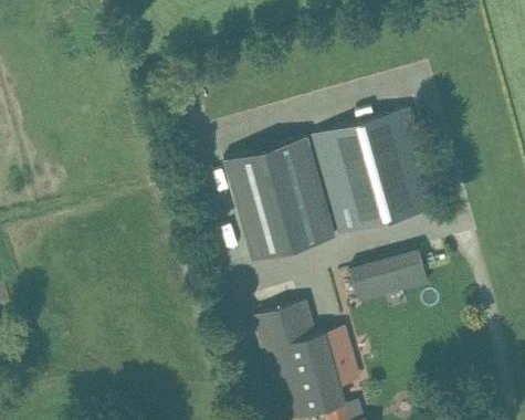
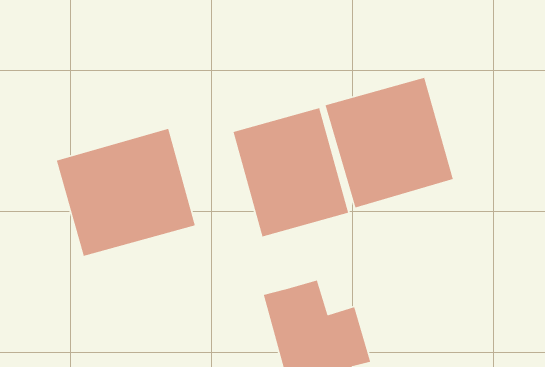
building: none -> [56,128,196,257]
building: [351,251,429,302] -> none

